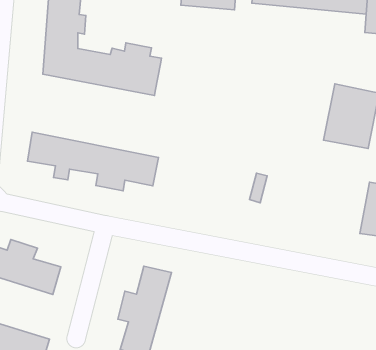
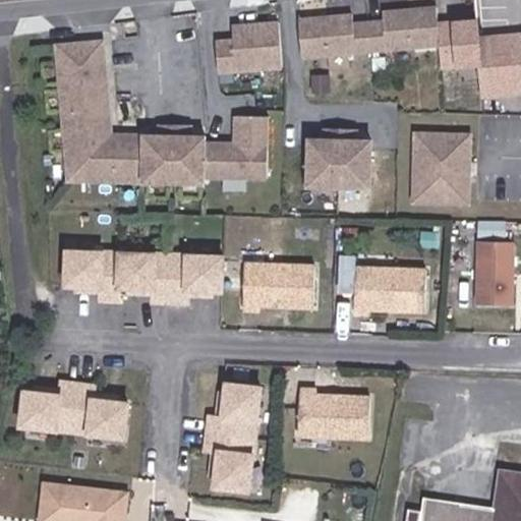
building: none -> [204,118,269,179]
building: none -> [307,129,371,186]
building: none -> [243,259,316,308]
building: none -> [353,260,429,309]
building: none -> [297,394,369,441]

